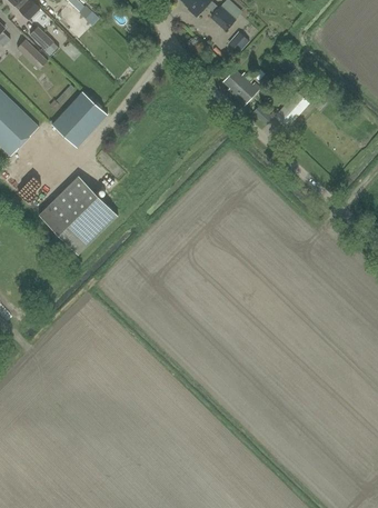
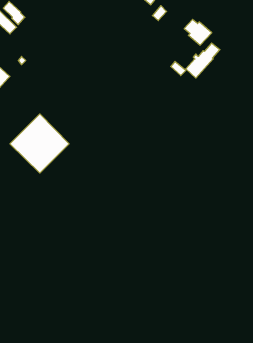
building: [223,68,260,102] -> [184,19,212,45]
building: [51,92,107,148] -> none

